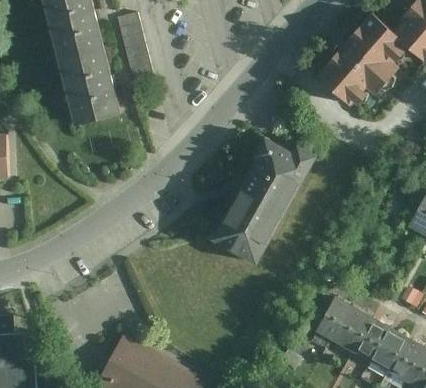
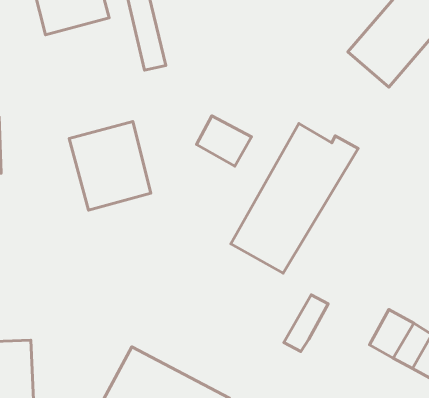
building: [48,46,120,124] -> [69,122,151,210]
building: none -> [196,116,251,166]
building: [311,295,350,345] -> [284,295,328,352]

